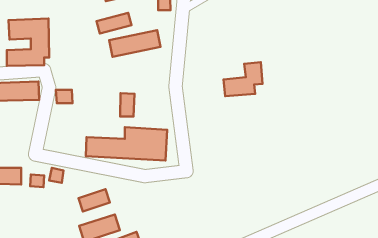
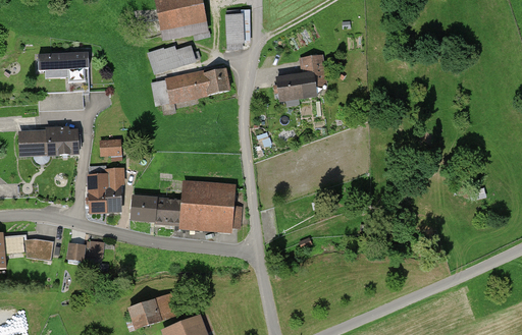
building: [223,62,262,96] -> [275,57,323,99]
building: [120,93,135,117] -> none
building: none -> [88,171,121,211]
building: [79,189,110,211] -> none

